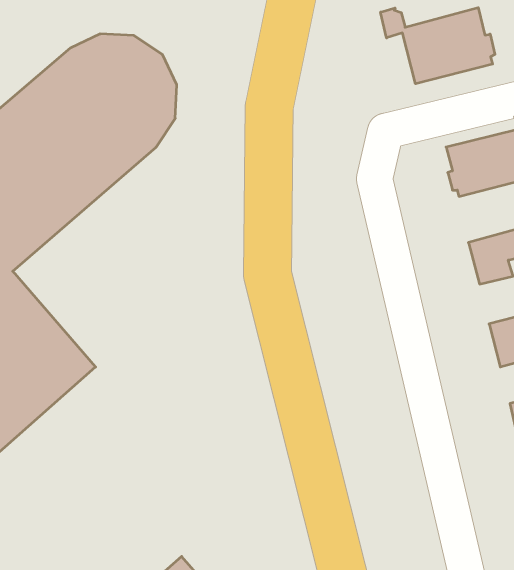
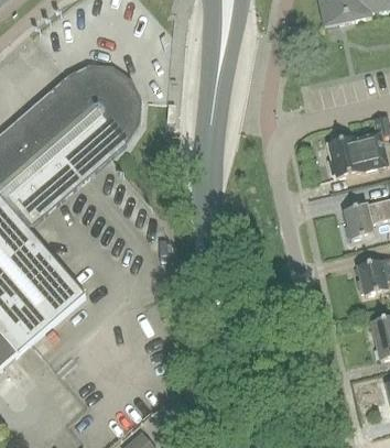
building: [381,8,495,84] -> none

